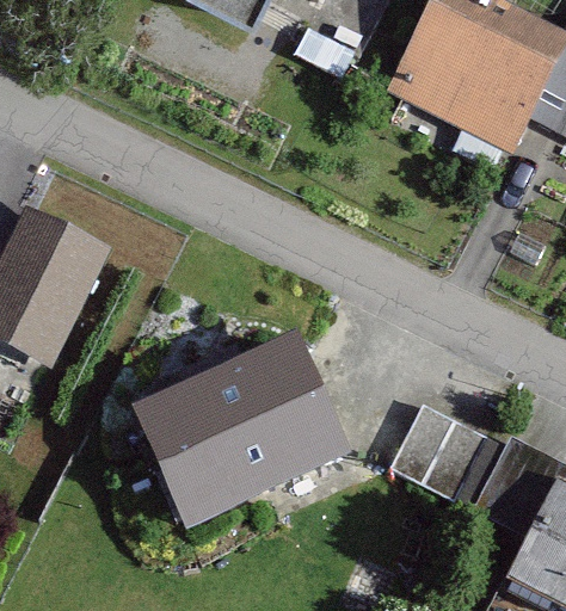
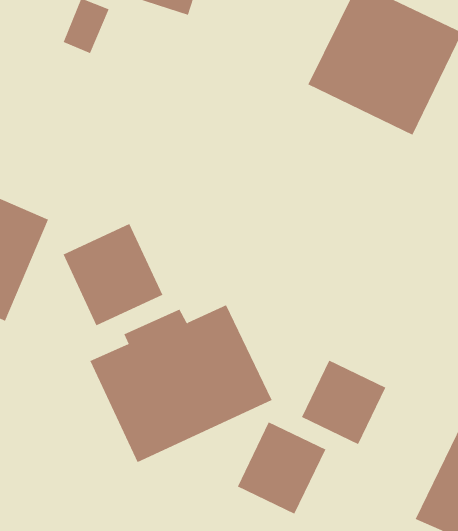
building: none -> [63,223,163,326]
building: none -> [237,421,326,514]

